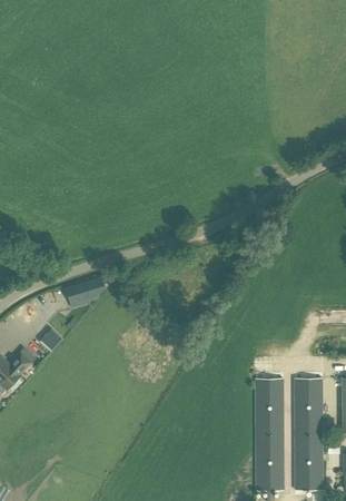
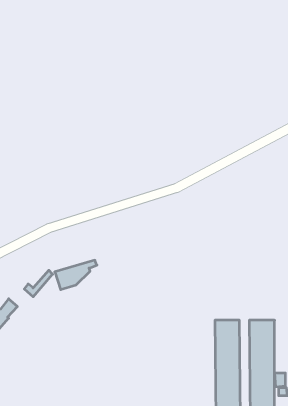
building: [65,275,112,308] -> [55,260,97,290]

